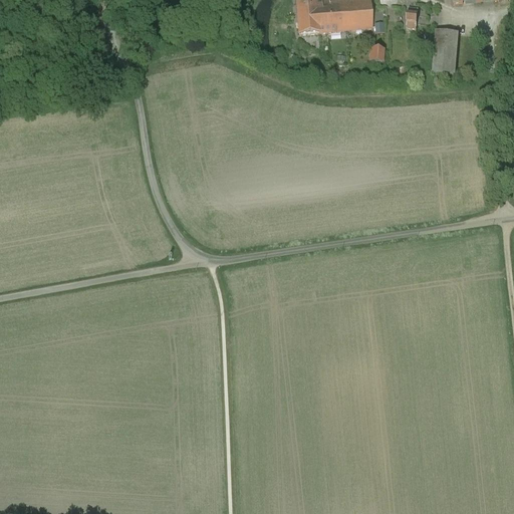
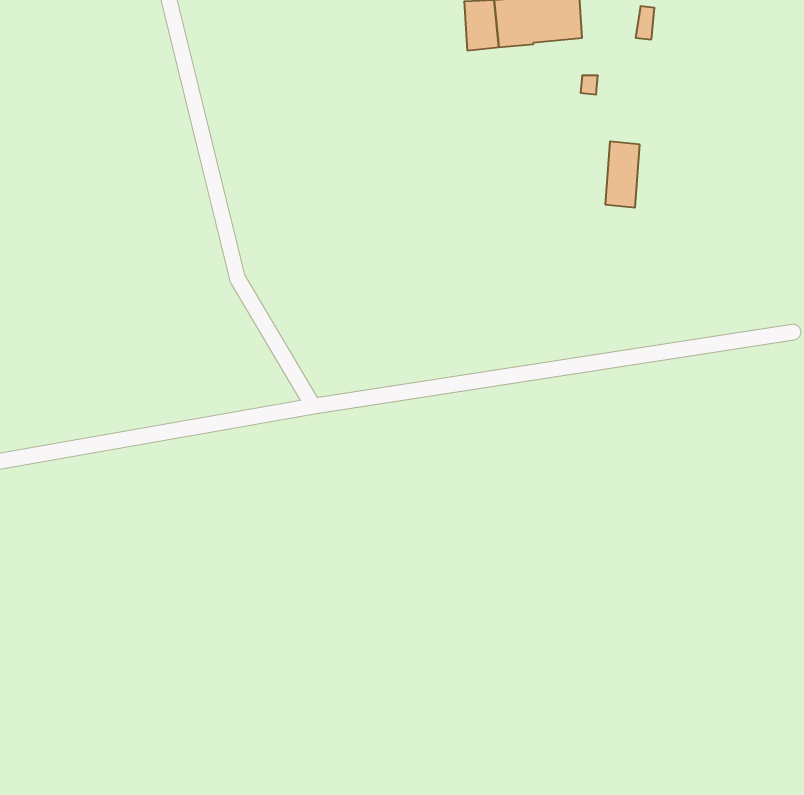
building: [435,29,457,71] -> [605,141,640,208]

